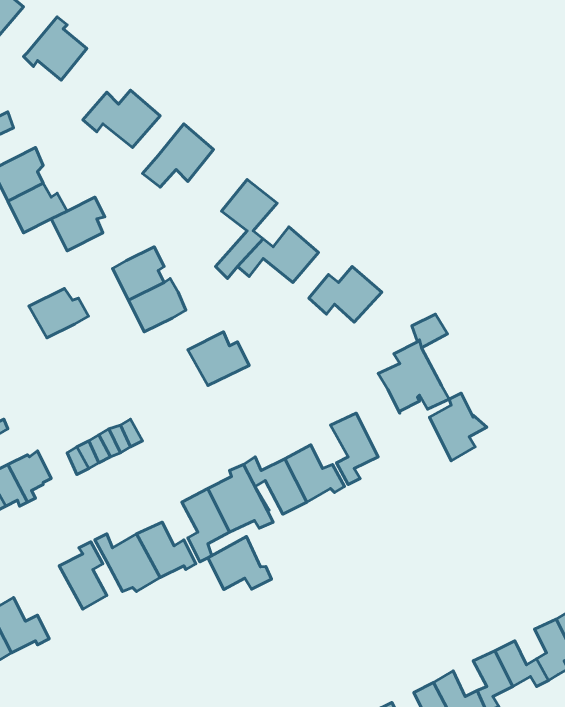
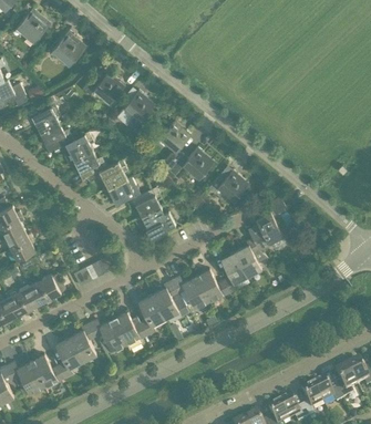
building: [29,288,88,338] -> [72,152,105,179]
building: none -> [131,187,159,217]
building: [430,393,487,461] -> [234,239,266,277]
building: [208,537,272,590] -> none
building: none -> [53,338,81,378]

